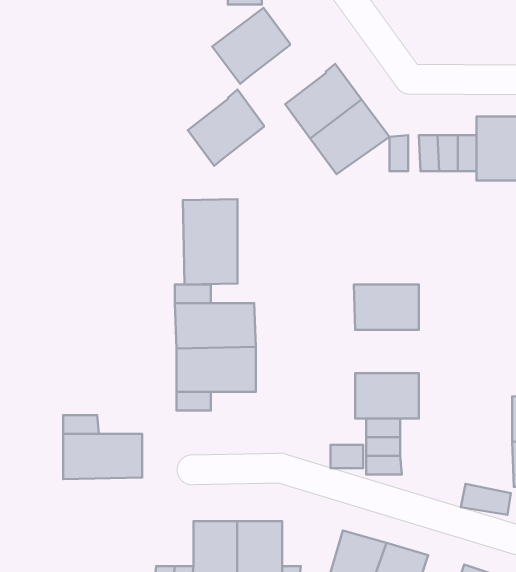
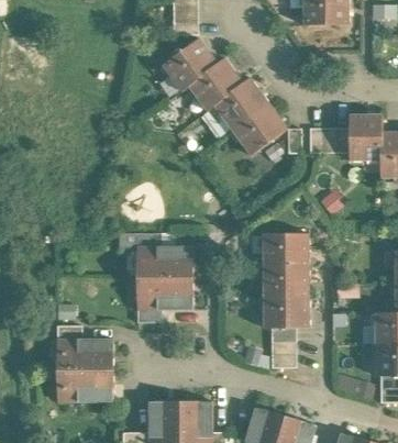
building: [188,90,264,166] -> [188,58,242,112]
building: [183,199,238,285] -> none
building: none -> [263,266,308,297]
building: none -> [56,370,113,402]

